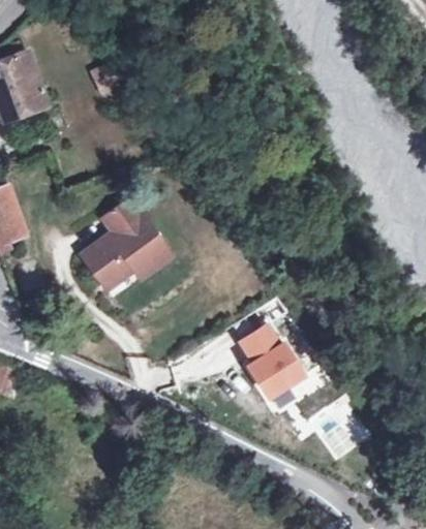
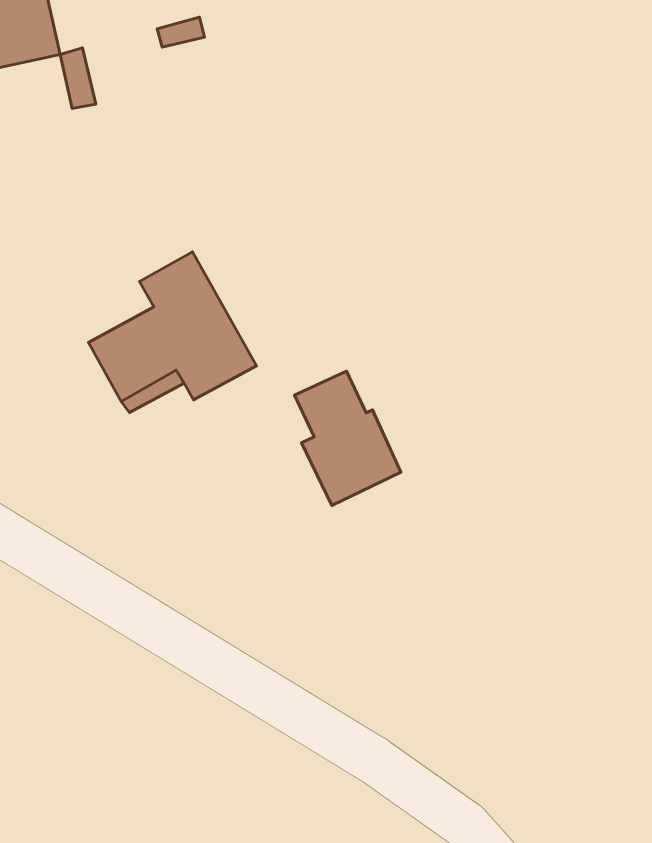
building: [241,326,303,399] -> [295,371,401,505]

